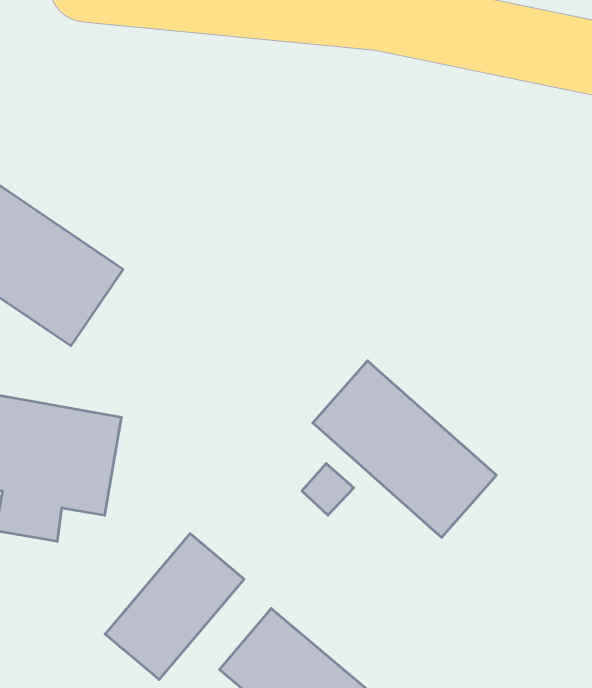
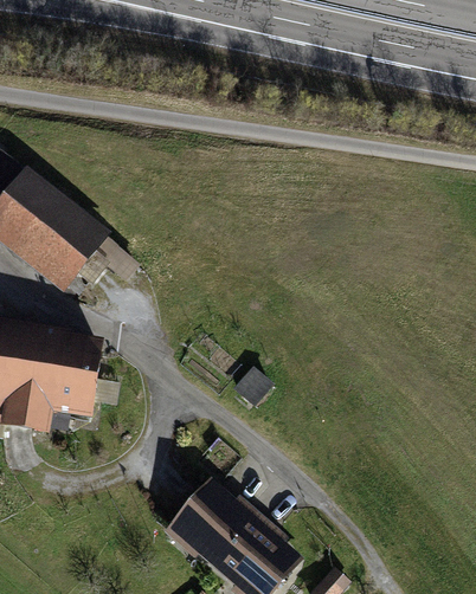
building: [313,361,496,537] -> none
building: [105,534,244,680] -> none

